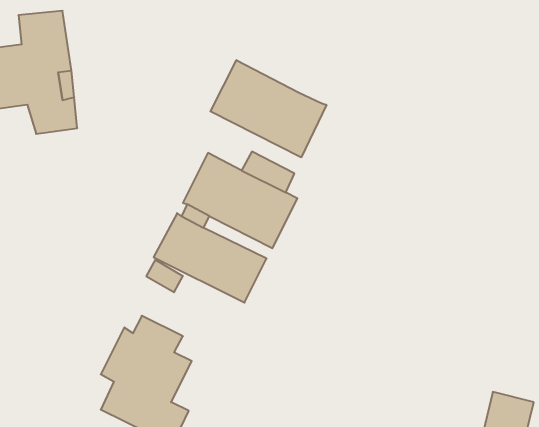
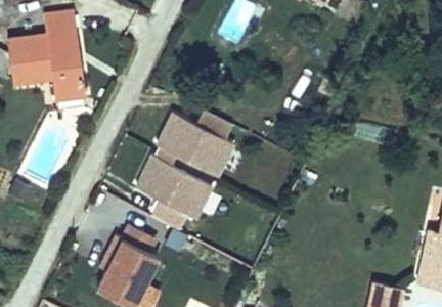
building: [210,60,326,157] -> none

